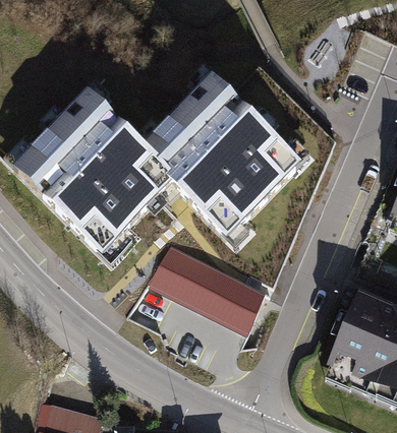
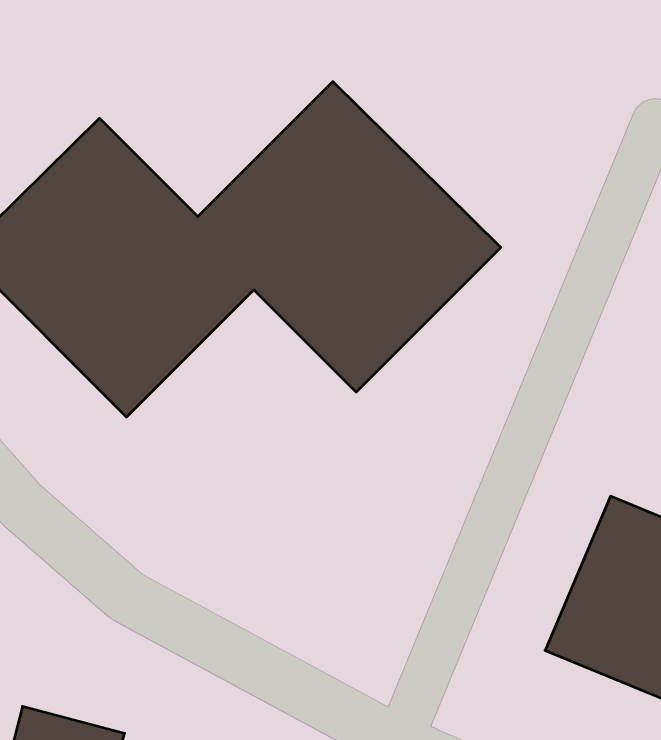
building: [151,246,265,332] -> none

